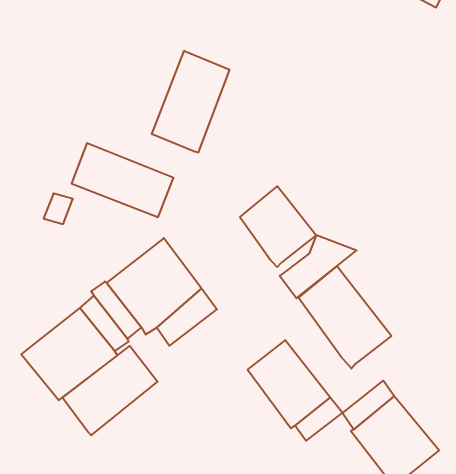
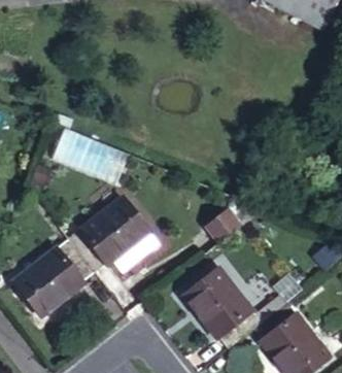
building: [152,51,229,153] -> none
building: [240,186,316,267] -> none
building: [298,266,391,369] -> none
building: [63,346,158,435] -> none

